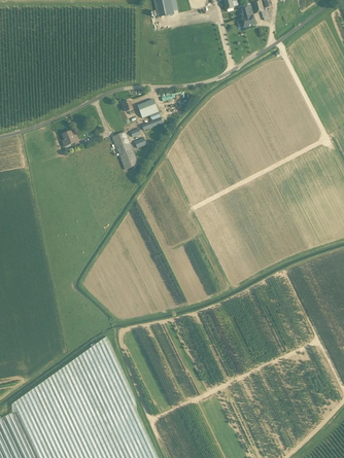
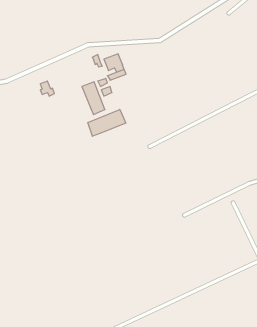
building: none -> [88,109,126,136]

